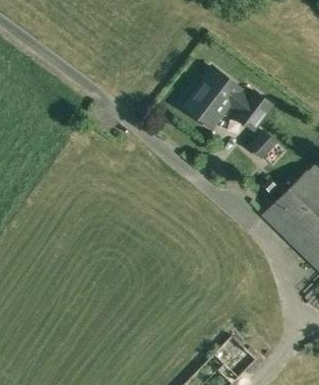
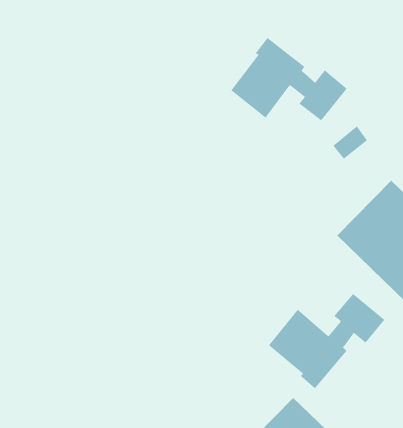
building: none -> [268,293,385,389]

